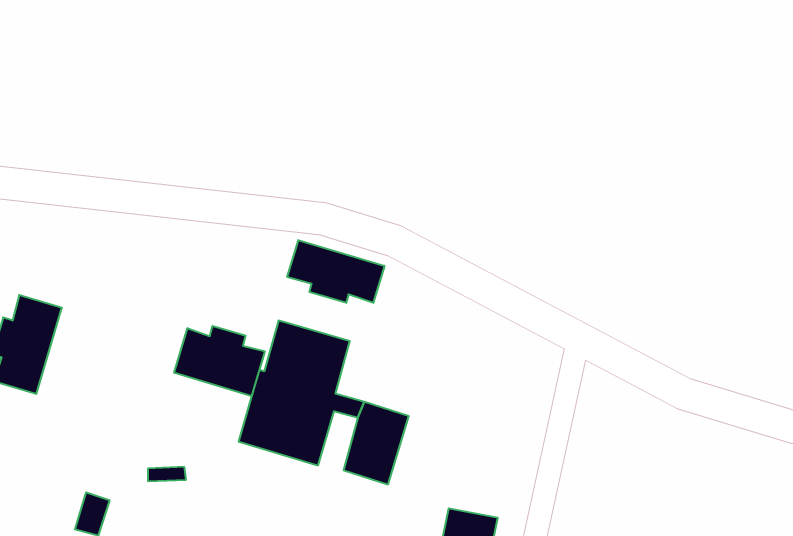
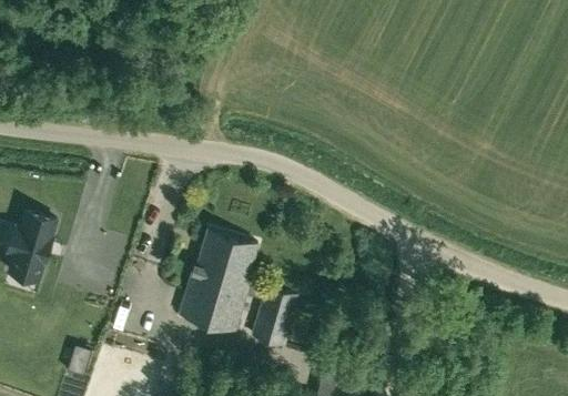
building: [287,240,384,303] -> none
building: [174,326,265,396] -> none

